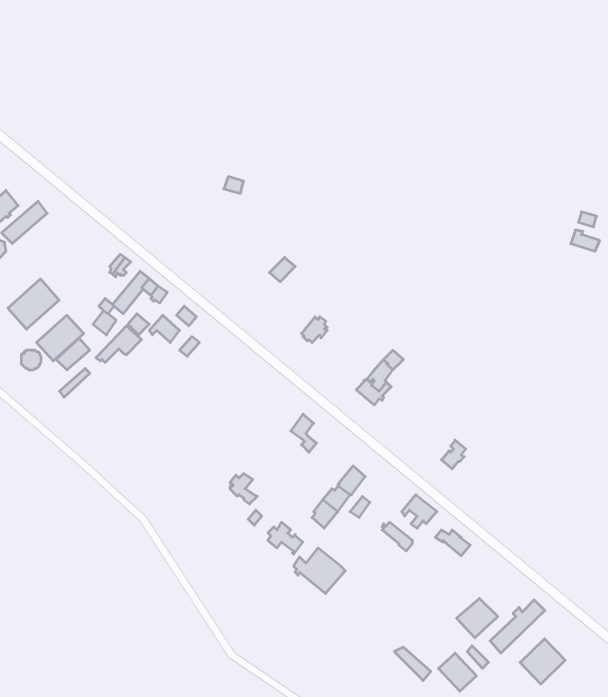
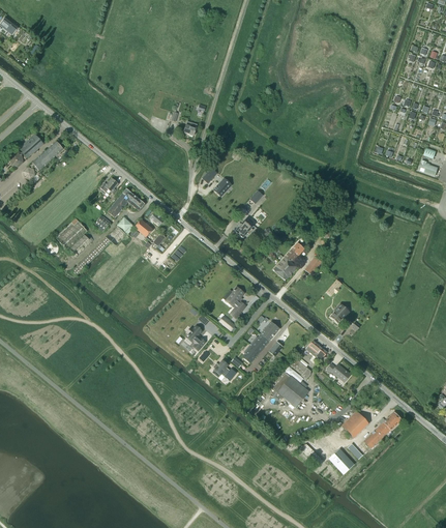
building: [8,279,59,329] -> none
building: [294,548,345,594] -> [273,376,308,407]
building: [520,639,565,684] -> none

